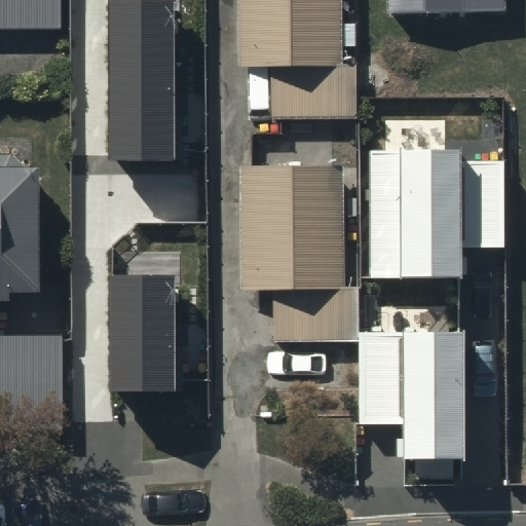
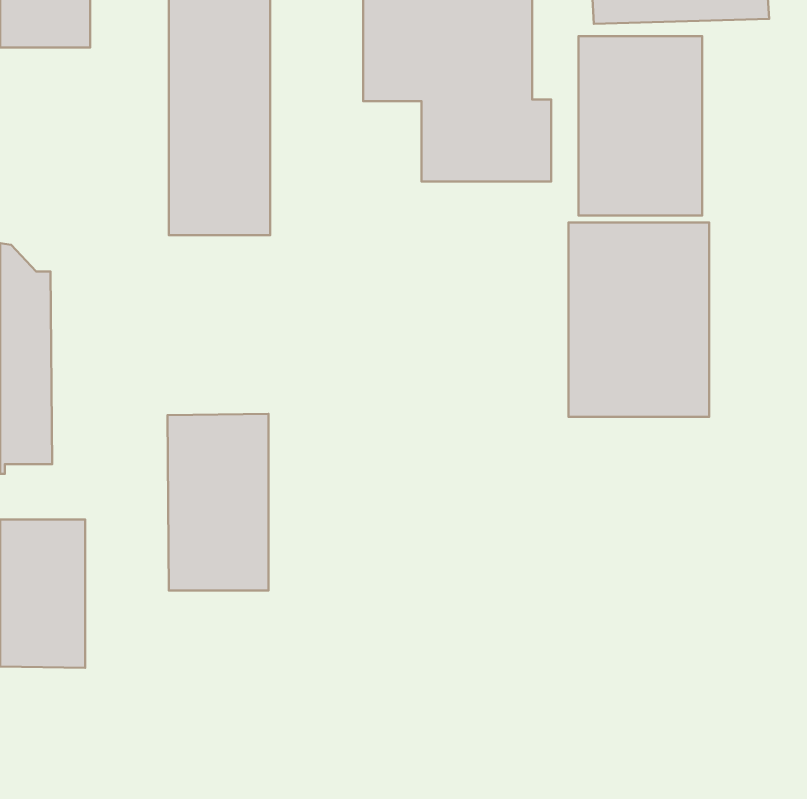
building: none -> [579,36,702,215]
building: [236,171,358,343] -> none
building: [404,328,463,453] -> none

